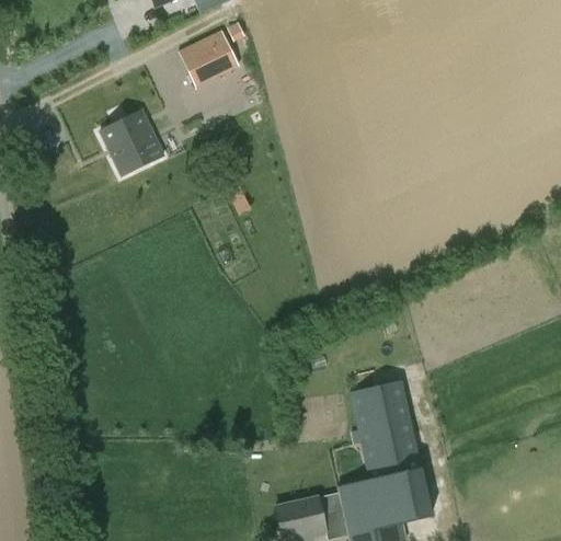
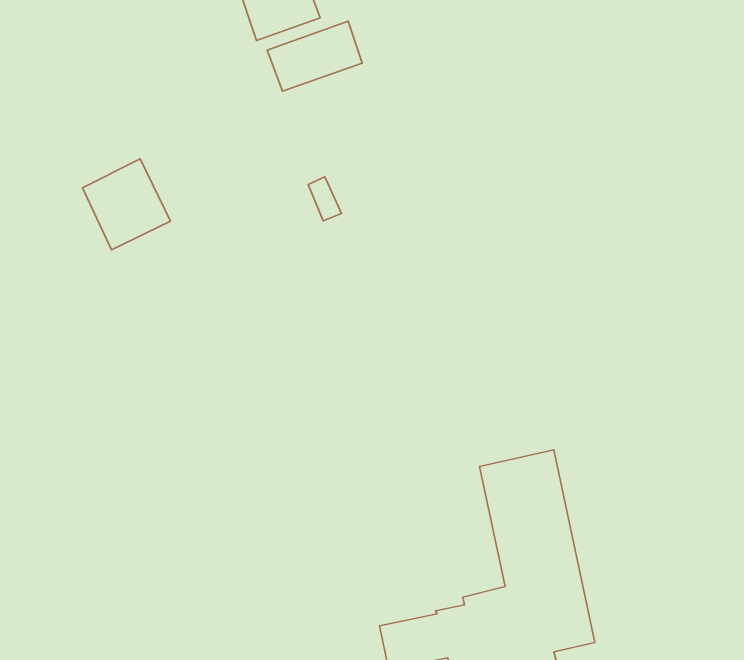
building: none -> [267,21,362,91]
building: [101,111,164,176] -> [83,159,171,250]

